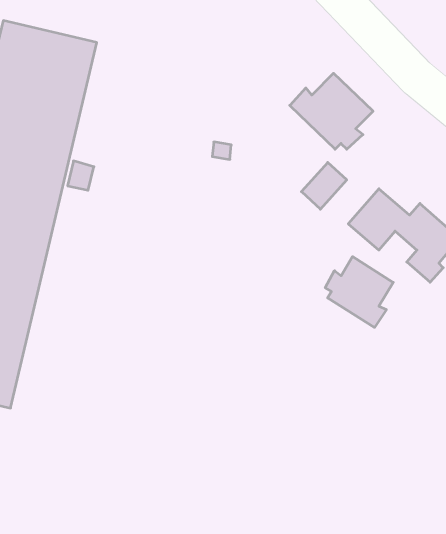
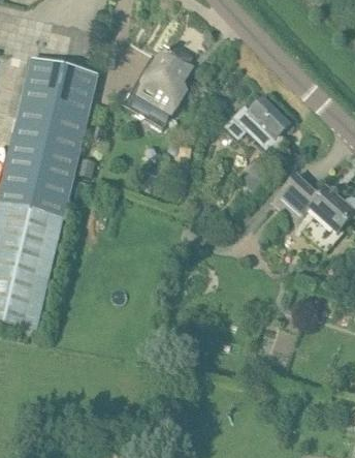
building: none -> [137,49,185,125]
building: [325,257,393,327] -> none

